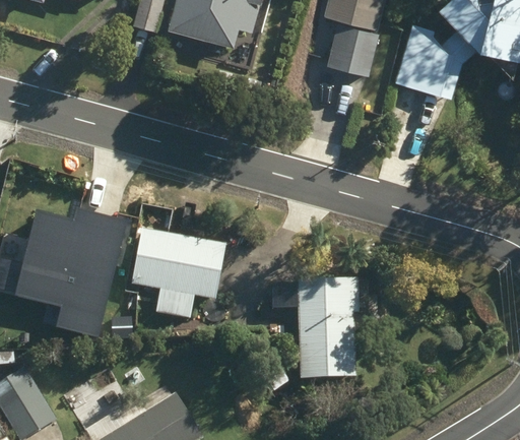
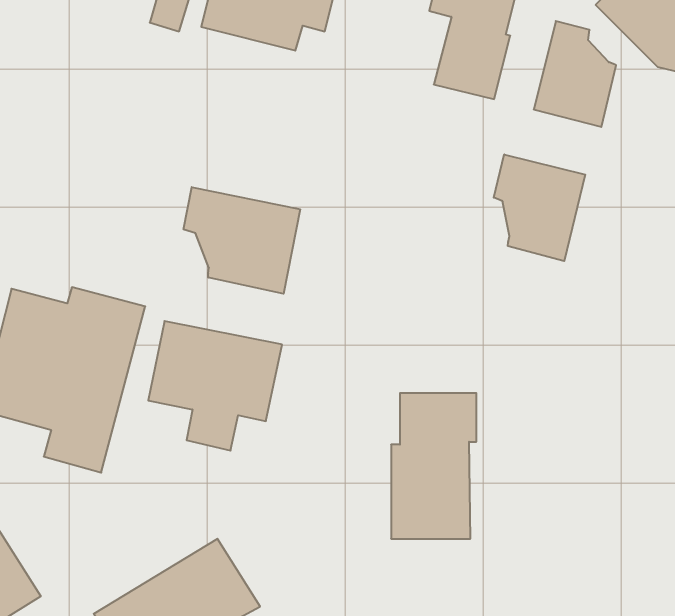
building: none -> [494,154,585,261]
building: none -> [184,187,300,294]

